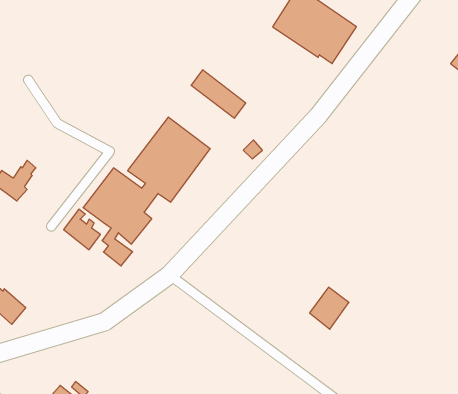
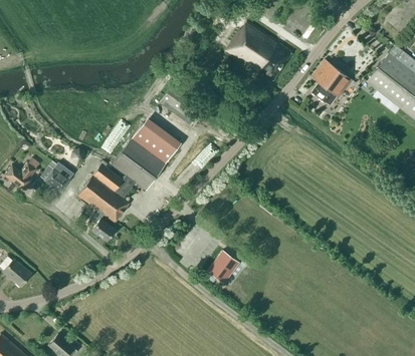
building: none -> [310,60,351,105]
building: [64,209,100,250] -> [39,160,68,193]
building: [310,287,349,329] -> [207,251,238,284]

